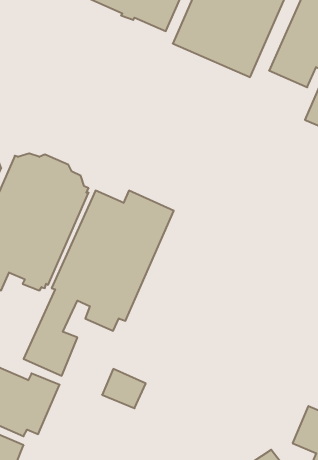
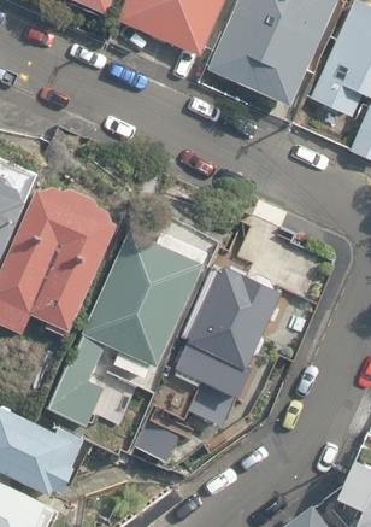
building: none -> [152,264,281,429]

